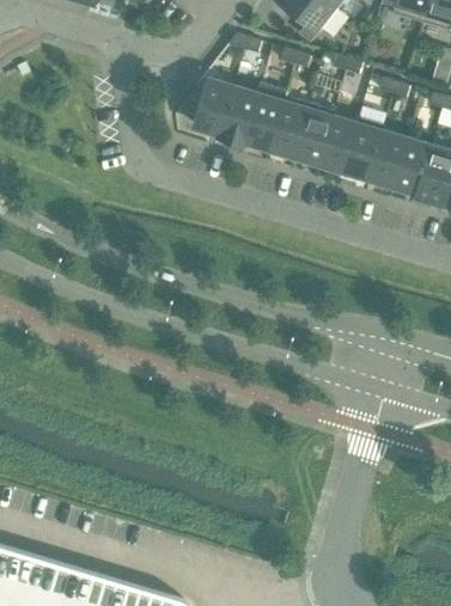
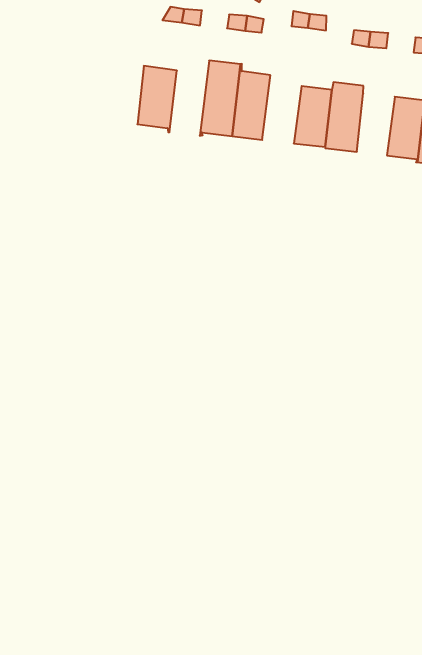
building: [218,82,260,142] -> none
building: [292,103,333,161] -> none
building: [367,130,406,184] -> none

